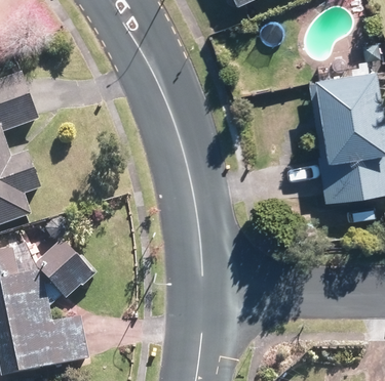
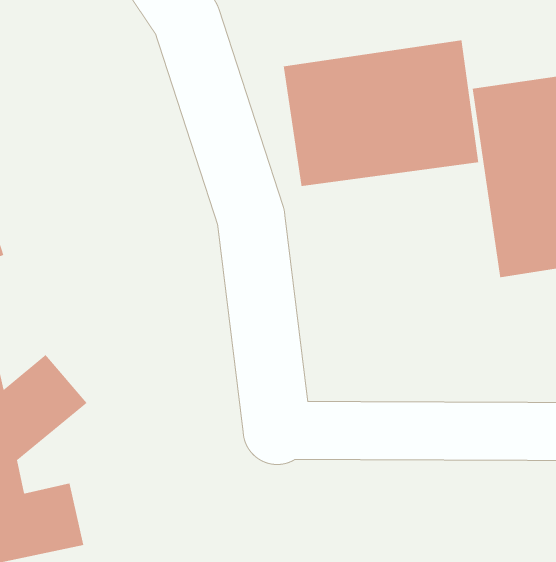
building: none -> [283,40,479,187]

